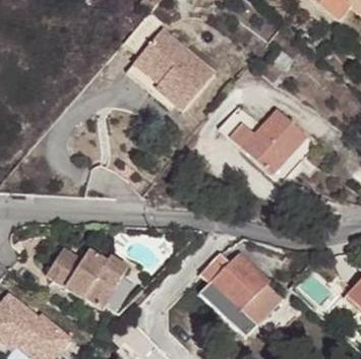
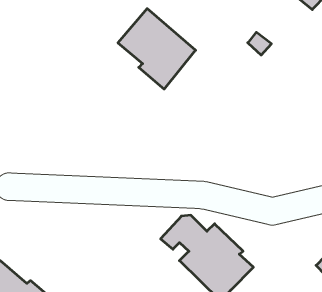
building: [231,113,312,185] -> none
building: [49,249,129,309] -> none

